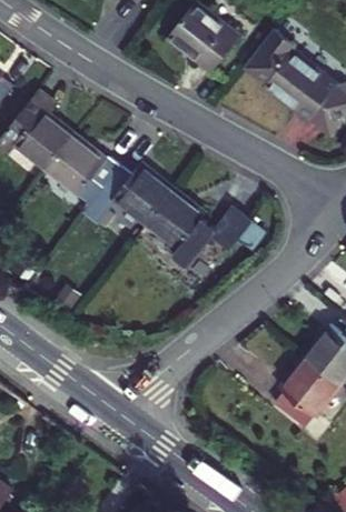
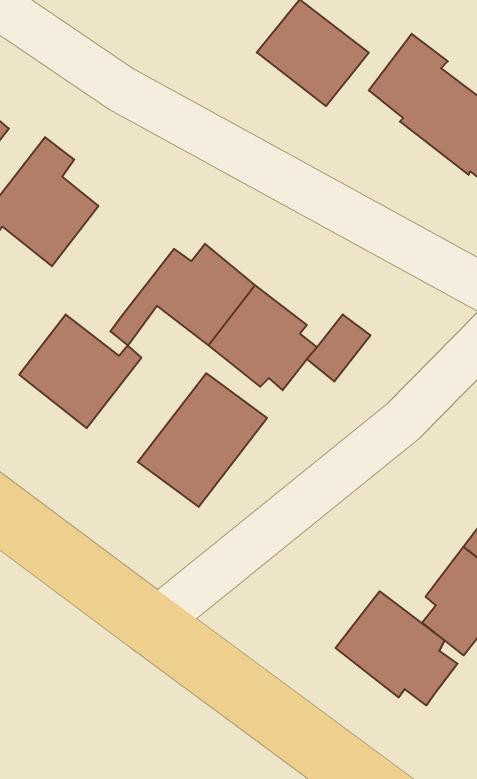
building: [38,135,117,209] -> [19,314,141,428]
building: none -> [138,373,267,507]
building: none -> [336,591,458,705]

